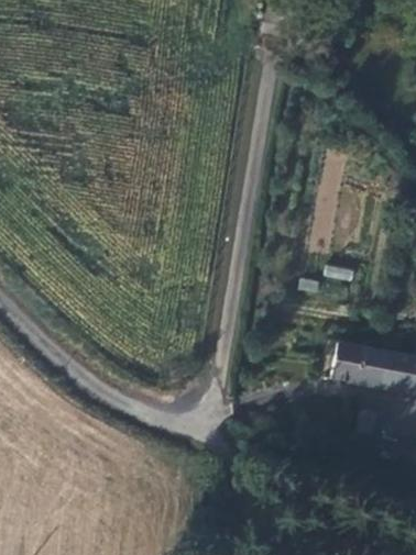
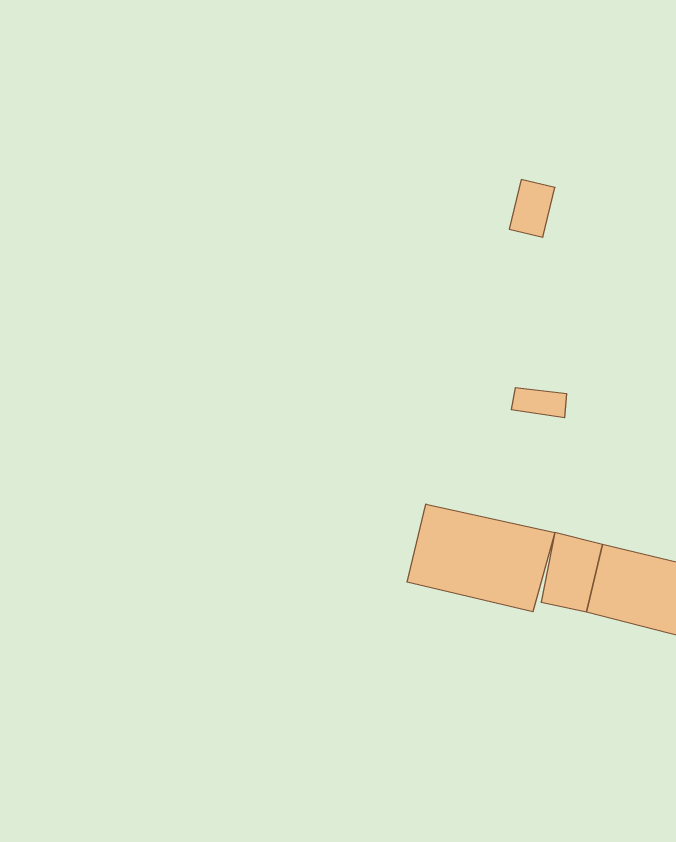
building: none -> [407,504,555,612]

